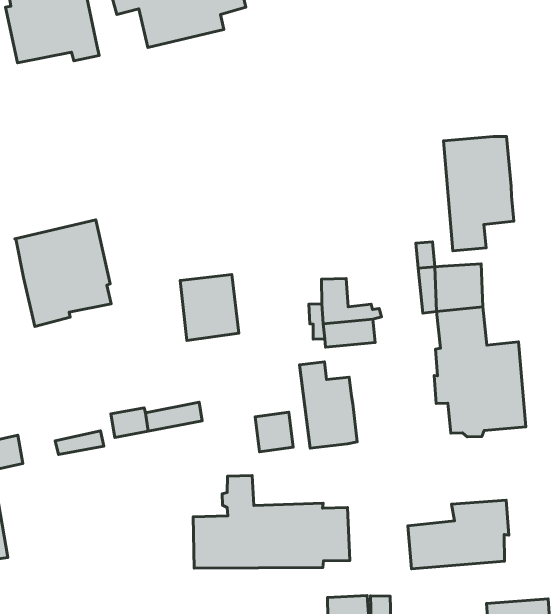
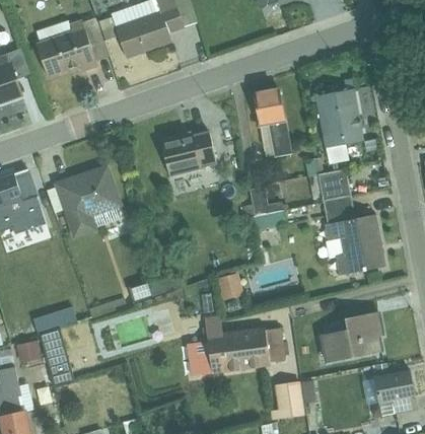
building: none -> [255,88,291,156]
building: [180,275,239,340] -> [162,133,202,176]
building: [300,362,357,448] -> none

